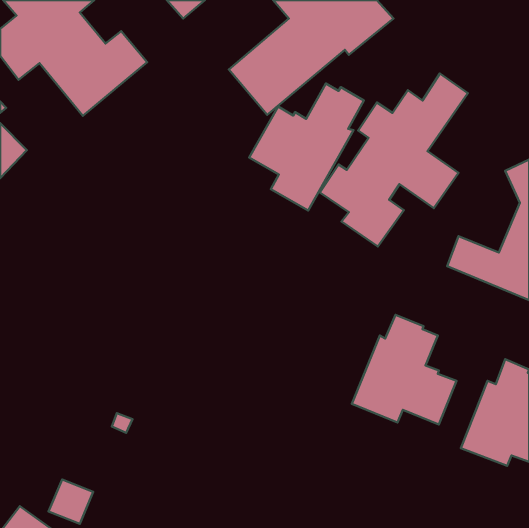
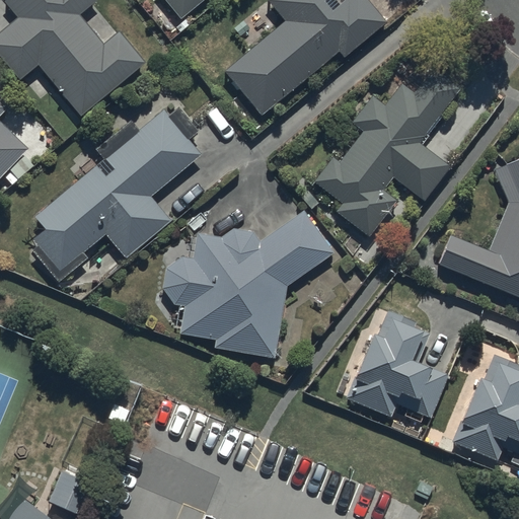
building: [249,83,364,210] -> none
building: none -> [28,107,198,278]
building: none -> [164,215,336,361]

